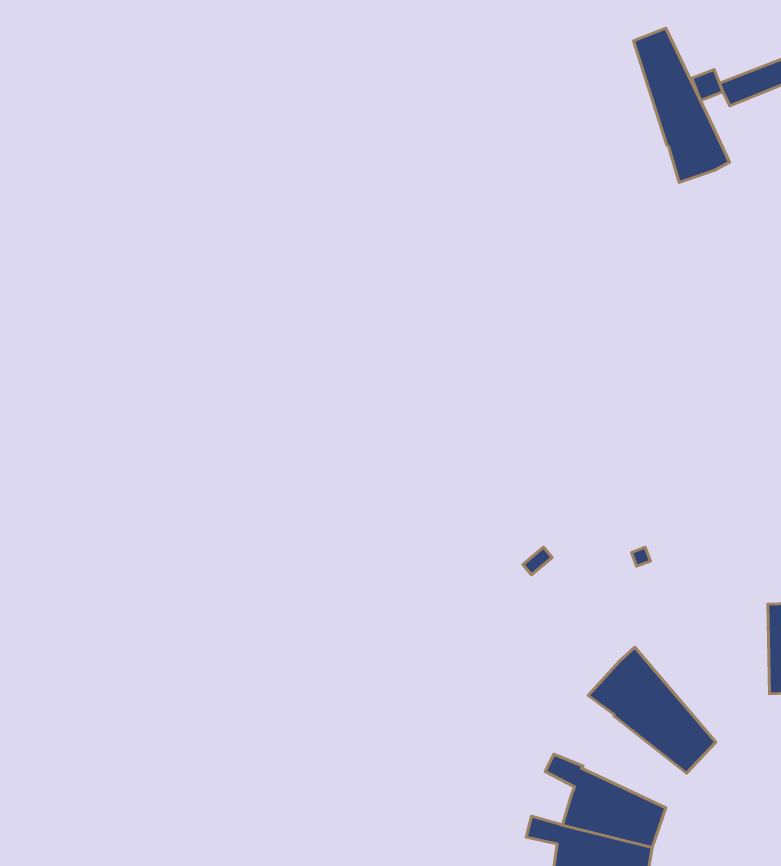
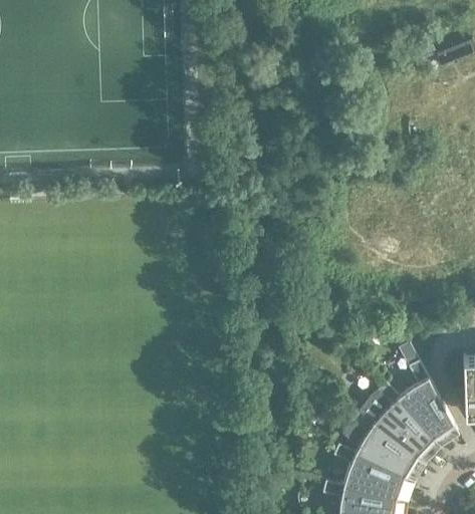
building: [634,28,730,183] -> none
building: none -> [399,362,454,440]
building: none -> [344,413,417,478]

